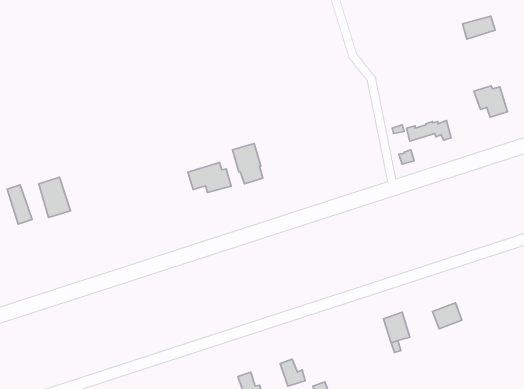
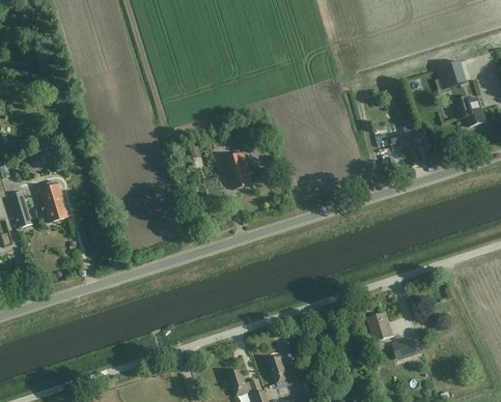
building: [462,16,495,39] -> [438,64,469,86]
building: [188,162,231,193] -> none
building: [433,303,462,329] -> [392,338,420,363]

